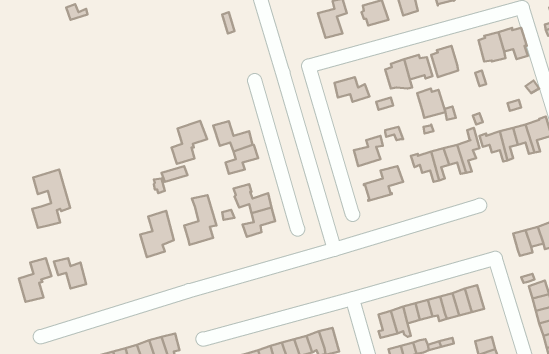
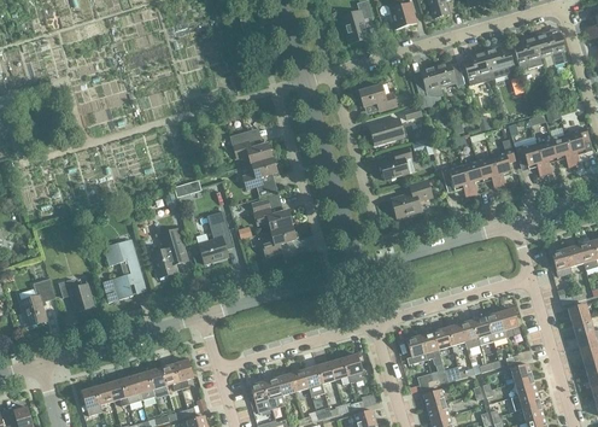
building: [417,89,445,118] -> [485,46,515,77]
building: none -> [369,117,404,145]
building: [171,121,207,164] -> none
building: [32,170,70,228] -> [102,239,143,302]

